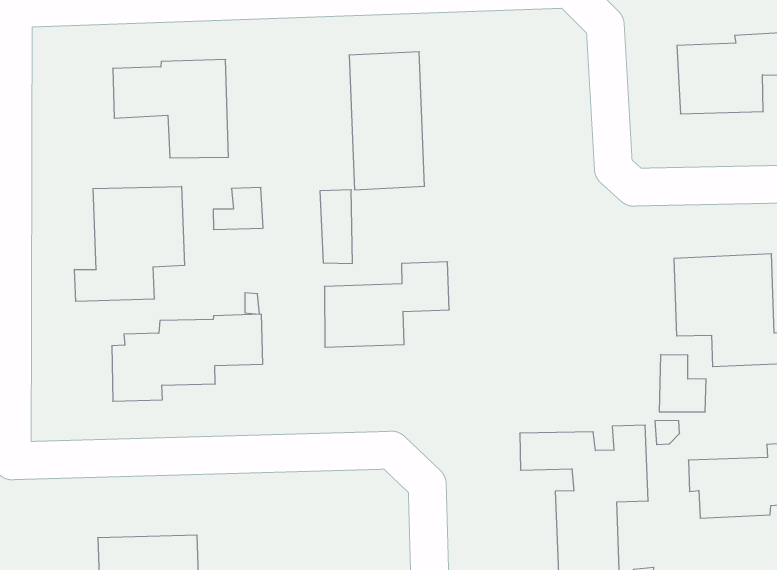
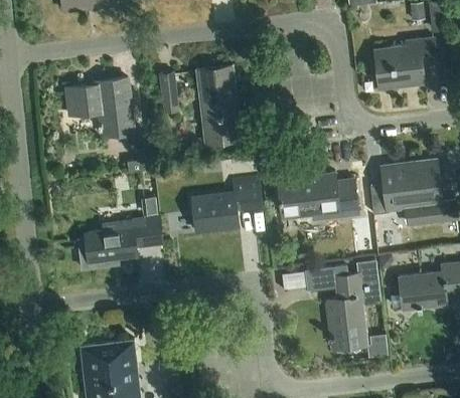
building: [74,186,185,301] -> none
building: [320,190,352,263] -> [158,70,179,112]
building: none -> [277,172,358,220]

